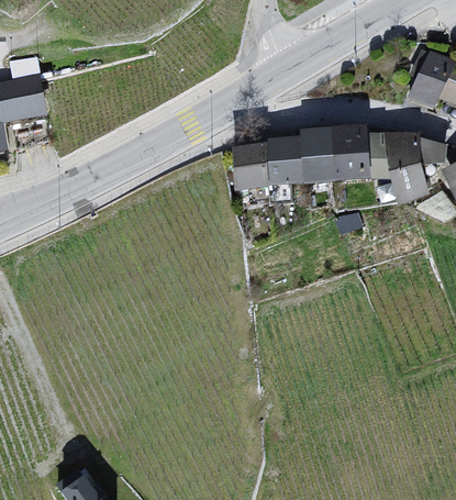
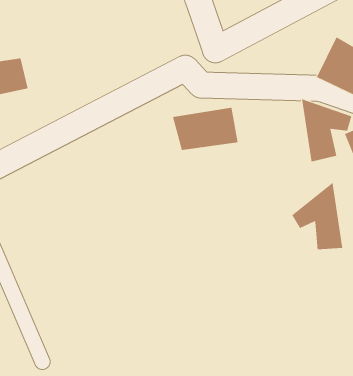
building: [298,126,372,182] -> none
building: none -> [291,182,343,250]

